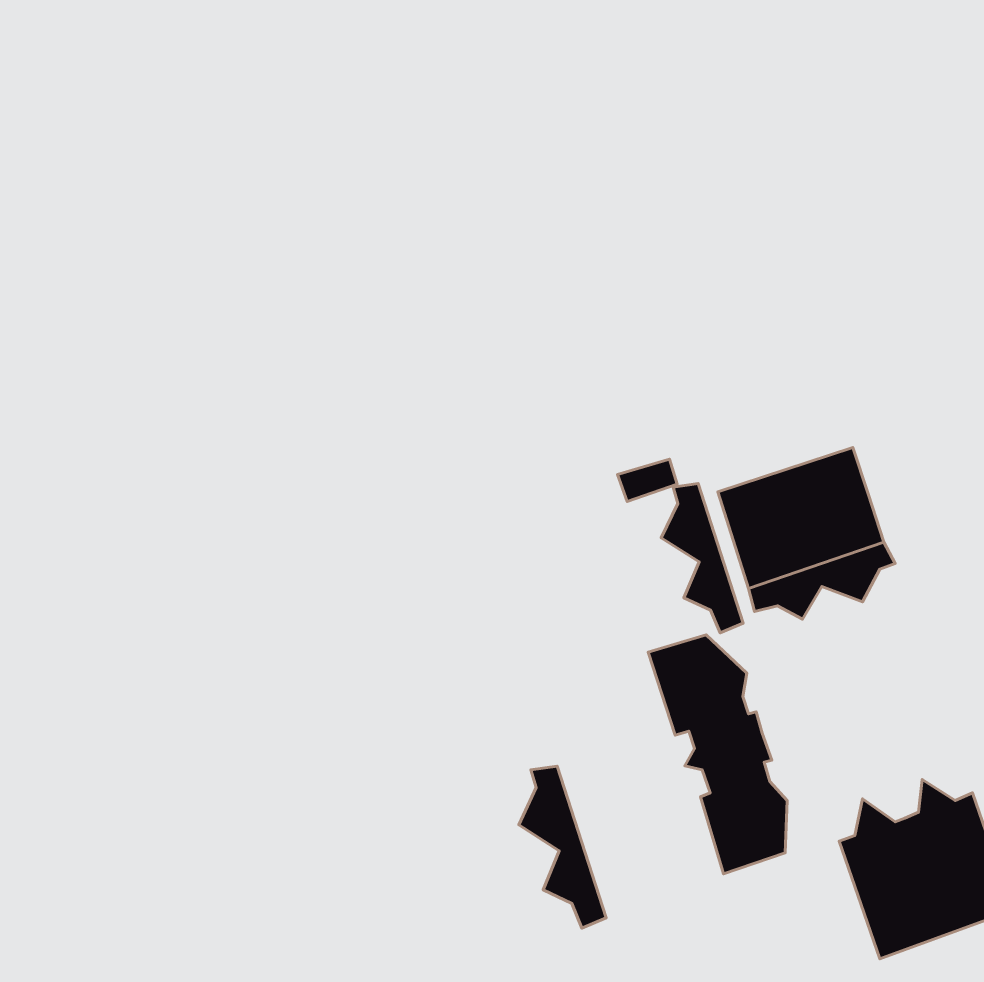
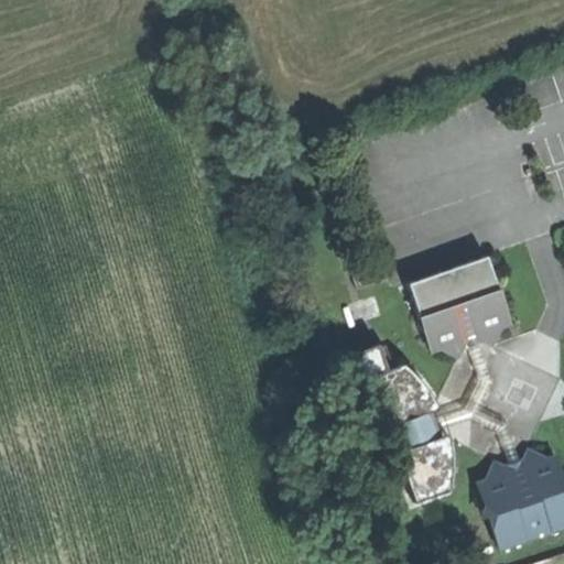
building: [661,483,743,633] -> none
building: [519,766,606,928] -> none

